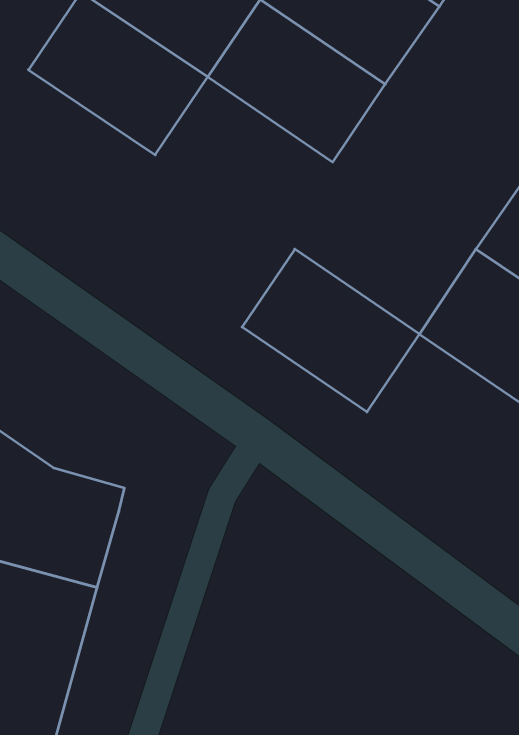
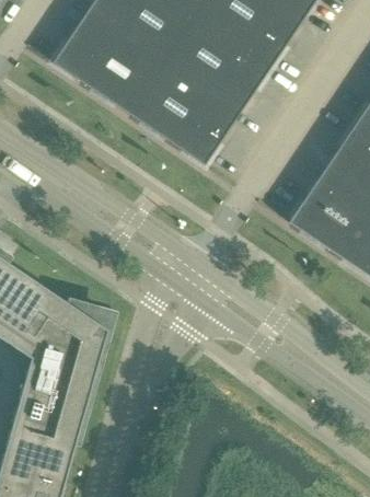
building: [242,249,420,412] -> [128,67,235,165]

